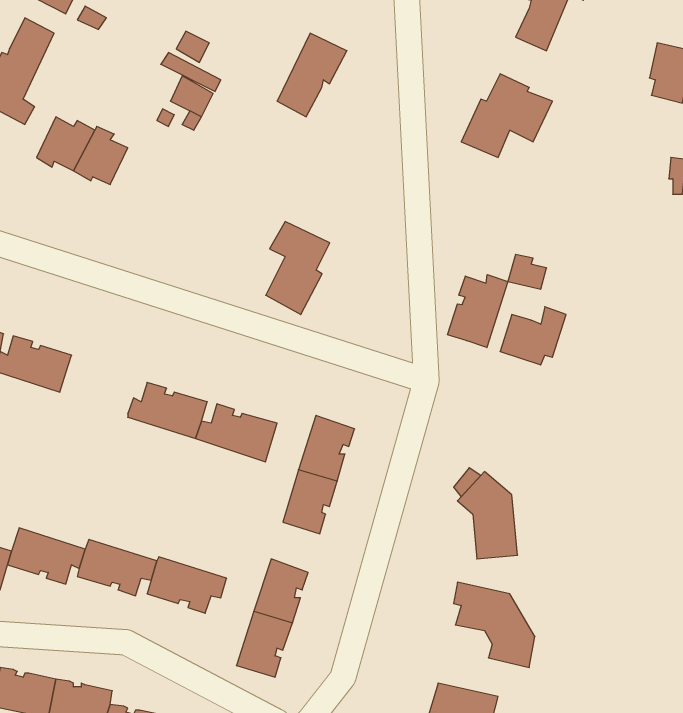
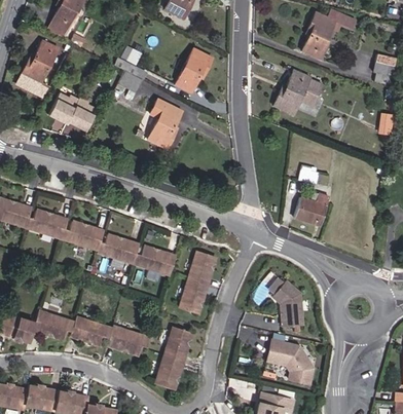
building: [266,222,330,315] -> [148,100,182,149]
building: [447,275,508,348] -> none
building: none -> [61,220,104,250]

